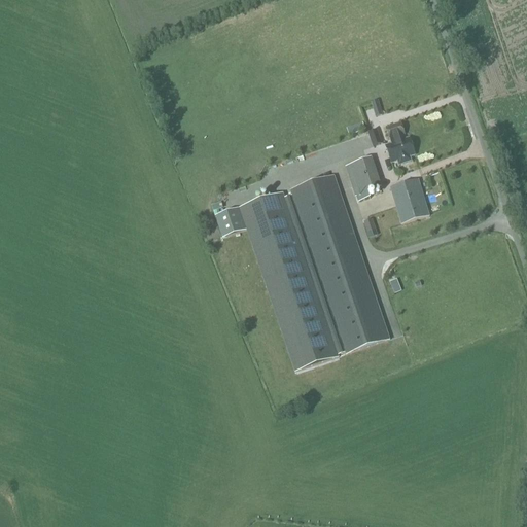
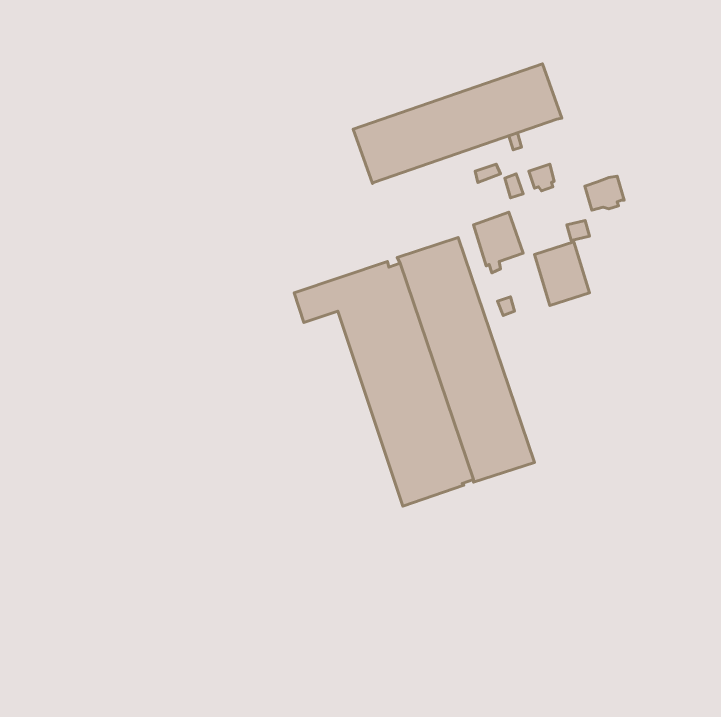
building: none -> [353,64,562,184]
building: [385,135,414,160] -> [585,176,624,210]

